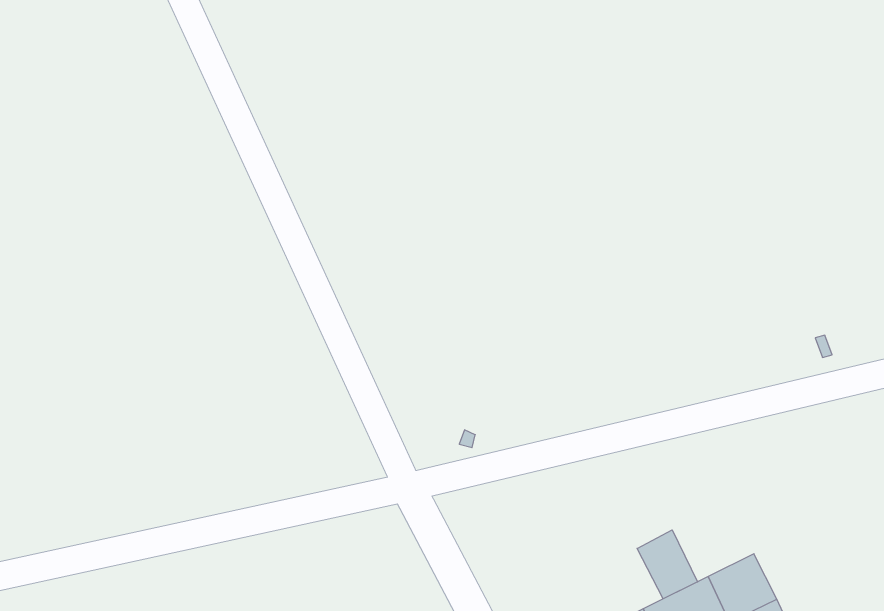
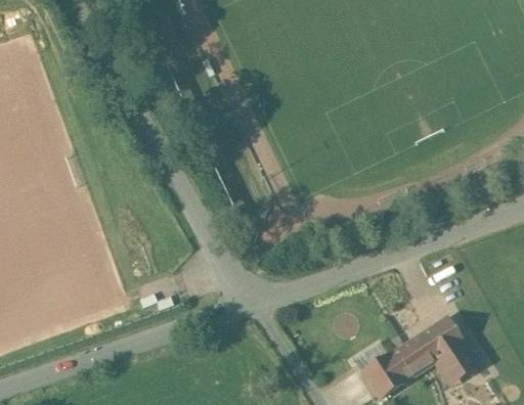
building: [637,530,698,599] -> none

